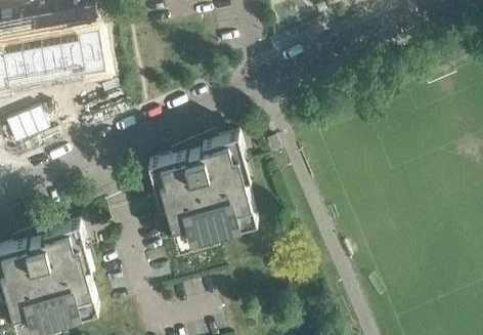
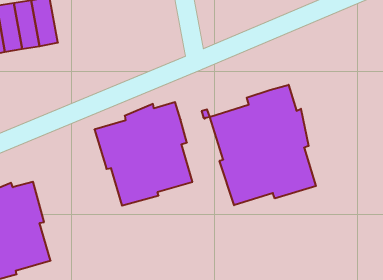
building: none -> [210,85,316,205]

